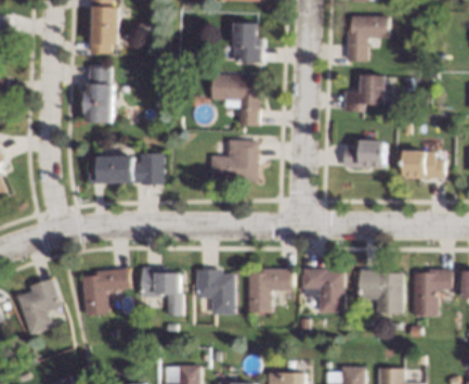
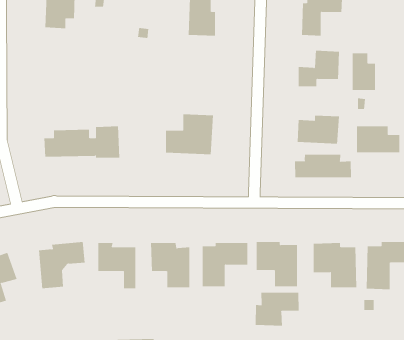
building: [84,64,114,121] -> none
building: [211,73,259,125] -> none
building: none -> [352,52,375,91]
building: none -> [295,154,351,178]
building: none -> [255,292,299,326]

